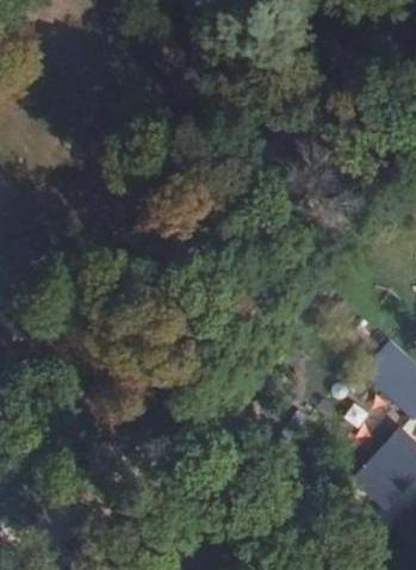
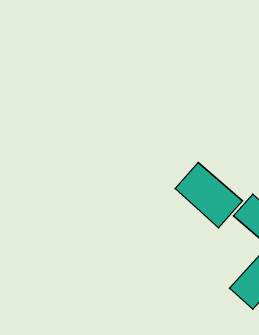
building: none -> [175,163,242,228]

